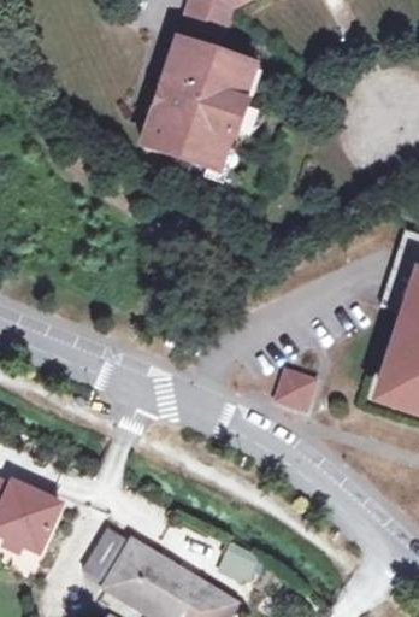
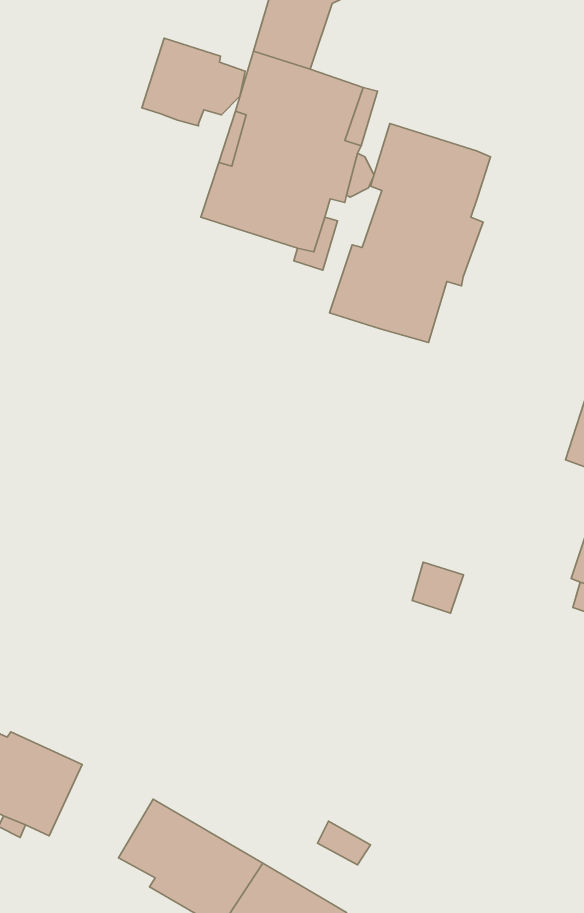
building: none -> [142,38,245,126]
building: none -> [330,123,490,343]

